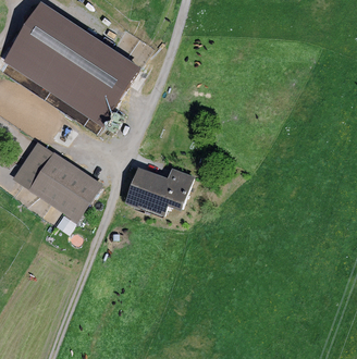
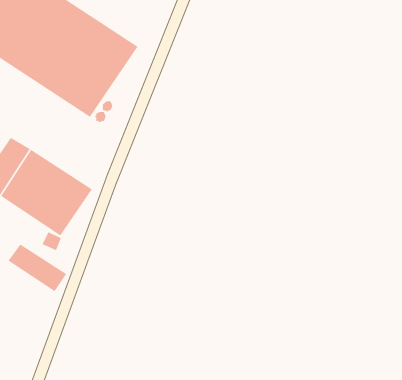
building: [125,168,194,215] -> none
building: none -> [7,243,67,292]

